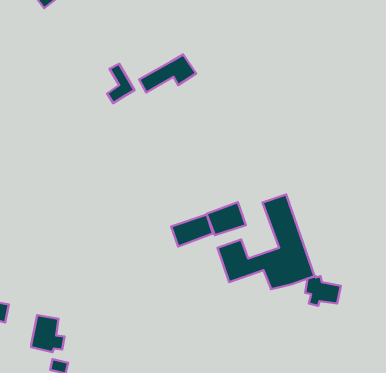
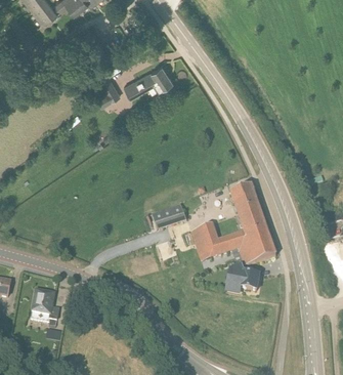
building: [207,202,246,235] -> none
building: [305,276,341,306] -> [228,265,259,291]

